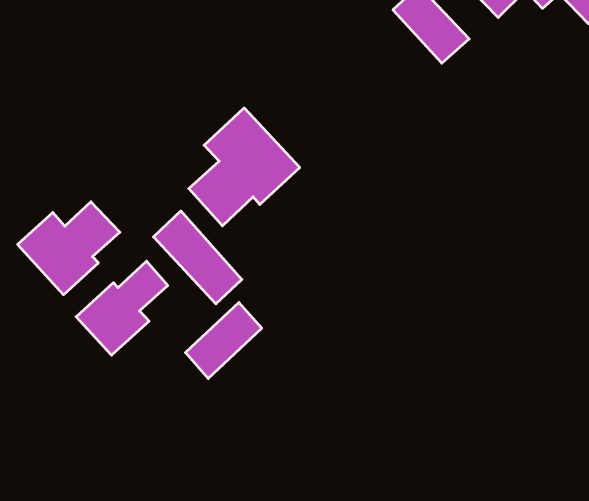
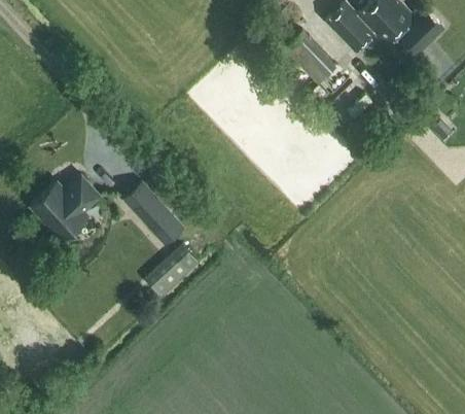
building: [189,108,300,226] -> none
building: [76,261,168,355] -> none

